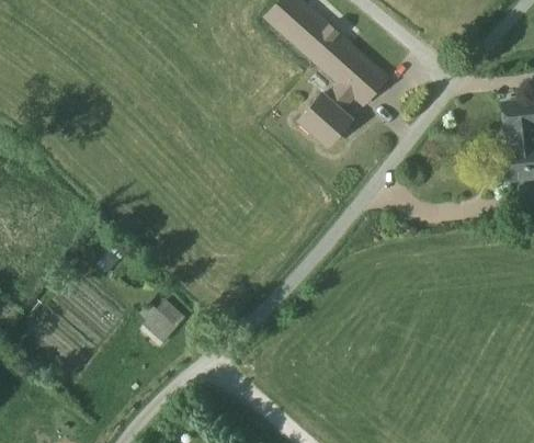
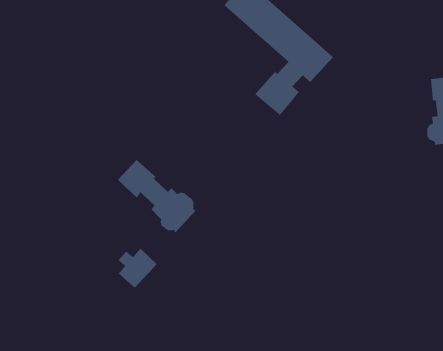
building: none -> [117,159,196,233]

